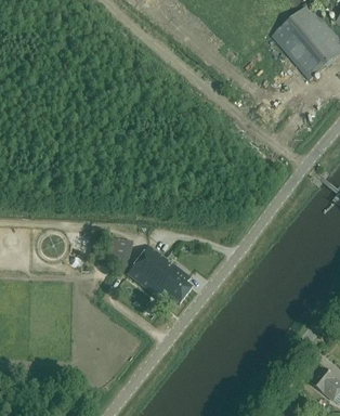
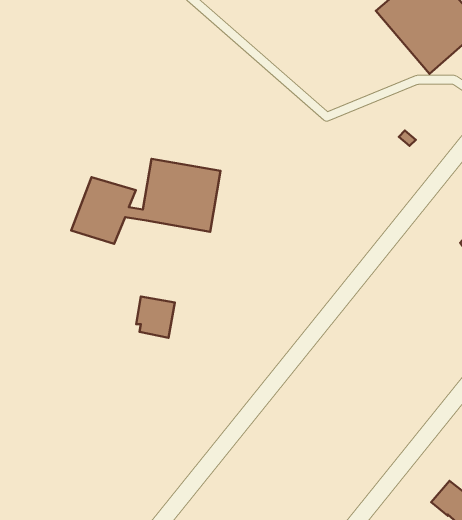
building: none -> [71,159,221,244]
building: [128,246,191,303] -> none

